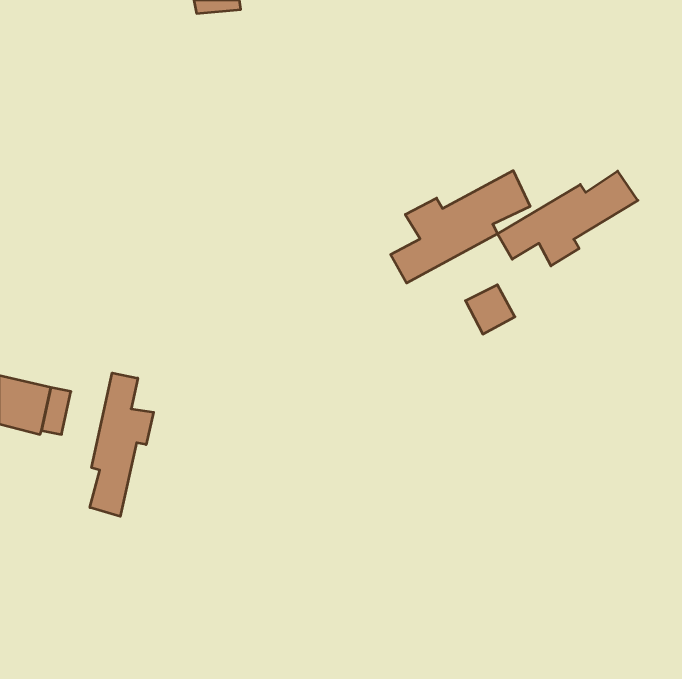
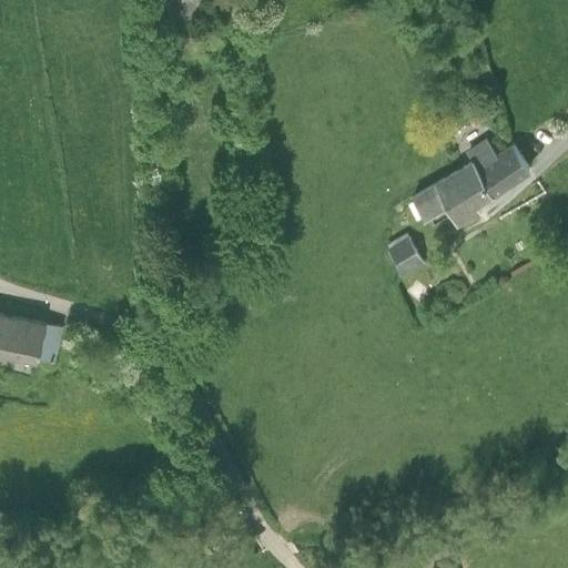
building: [391,171,530,283] -> none
building: [90,373,154,516] -> none

